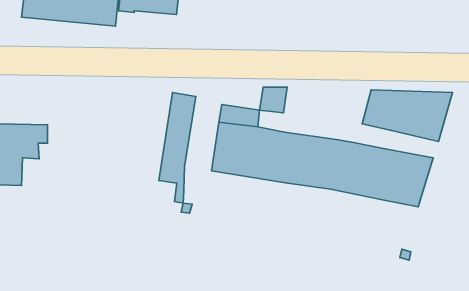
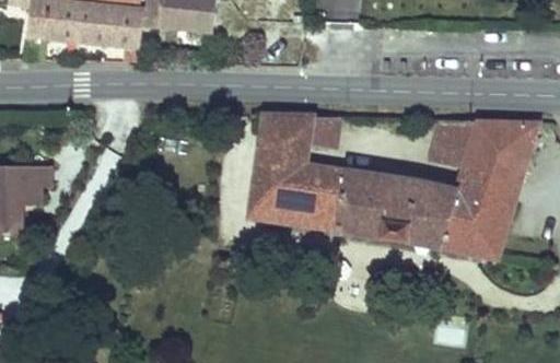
building: none -> [264,116,313,145]
building: [159,92,196,203] -> none
building: none -> [457,169,521,202]

